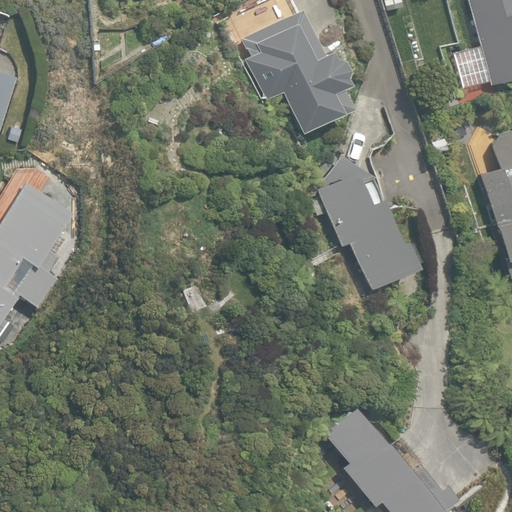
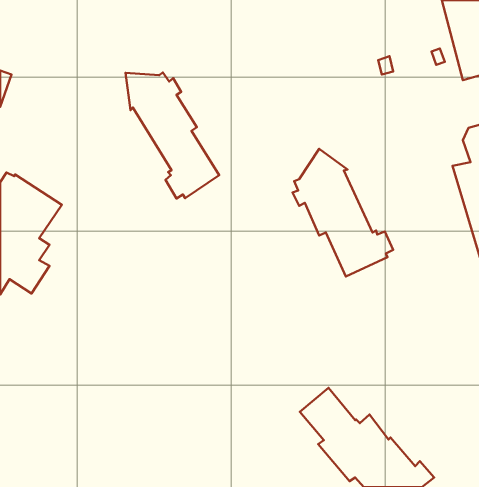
building: [243,11,349,136] -> none
building: none -> [126,72,219,198]

